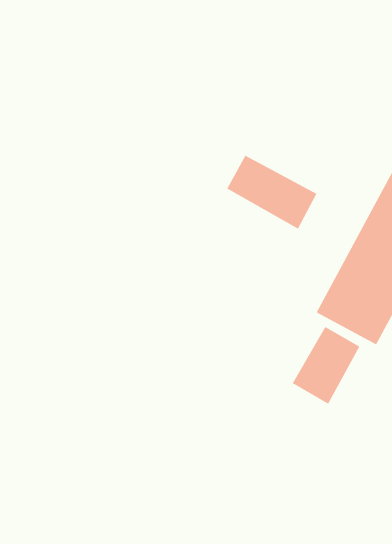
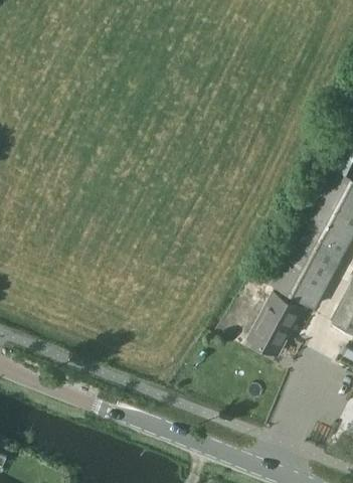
building: [227,155,317,229] -> none

